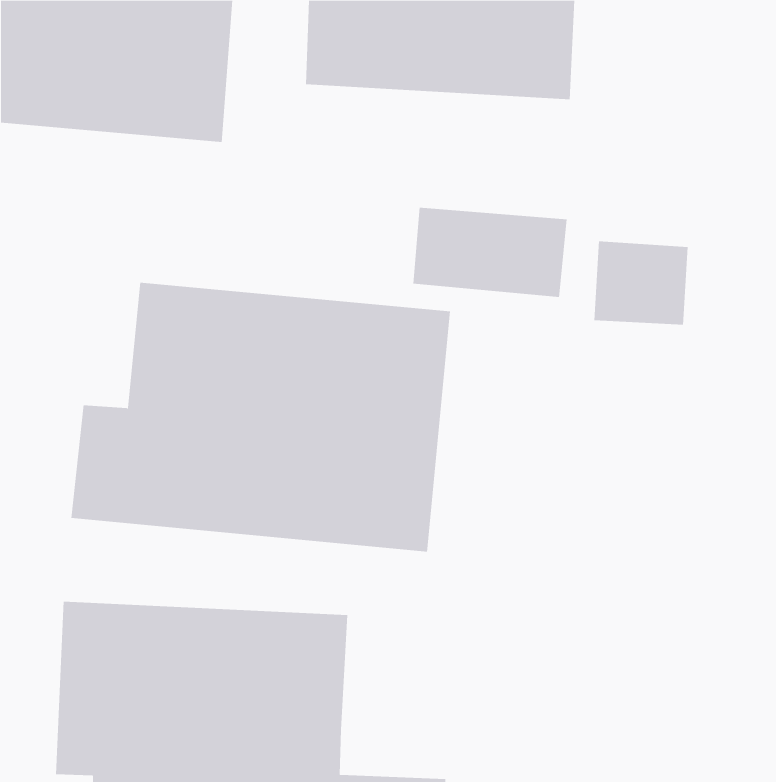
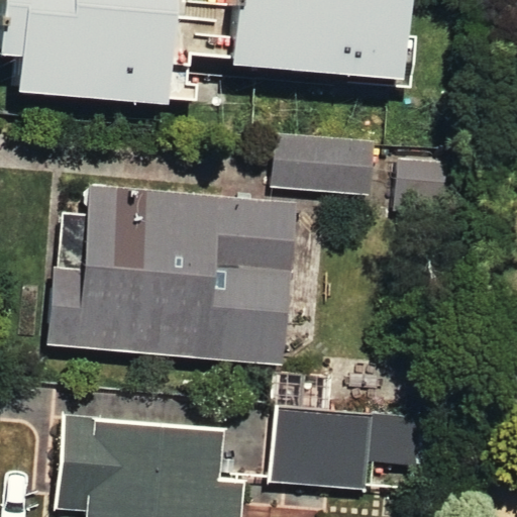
building: none -> [245,407,370,489]

